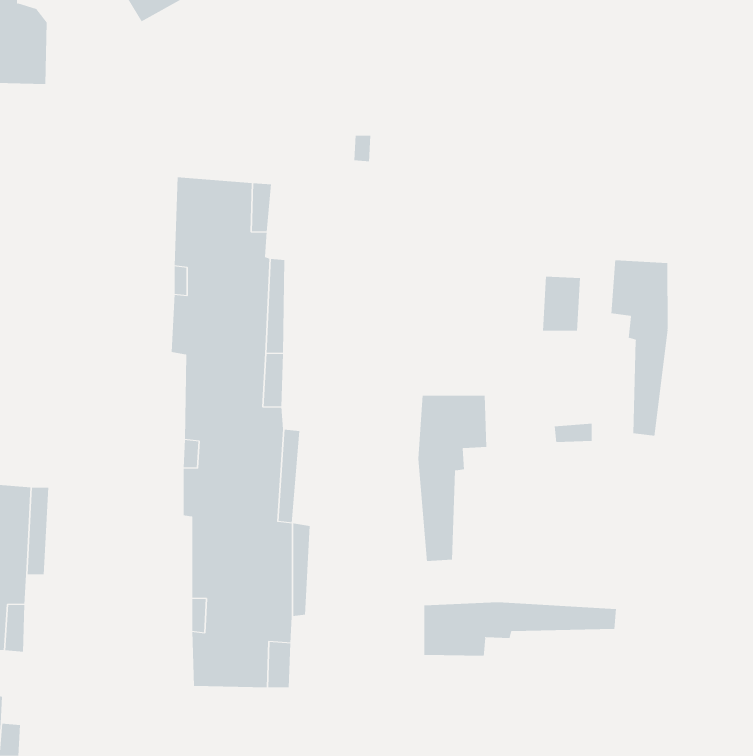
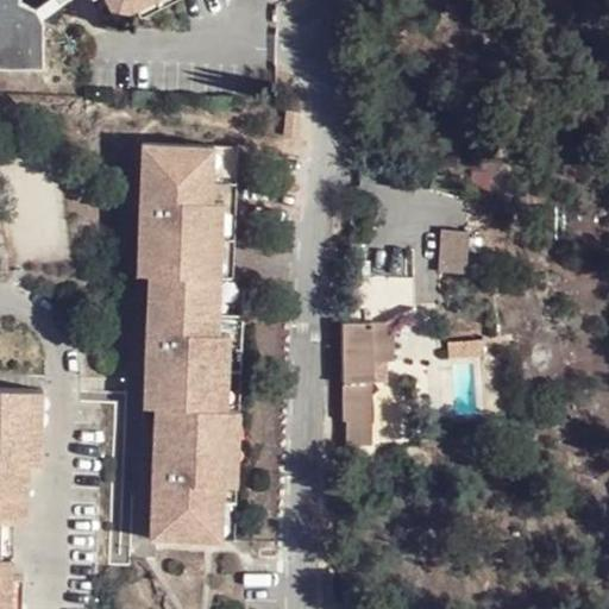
building: [611,260,668,437] -> none
building: [424,601,616,657] -> none

